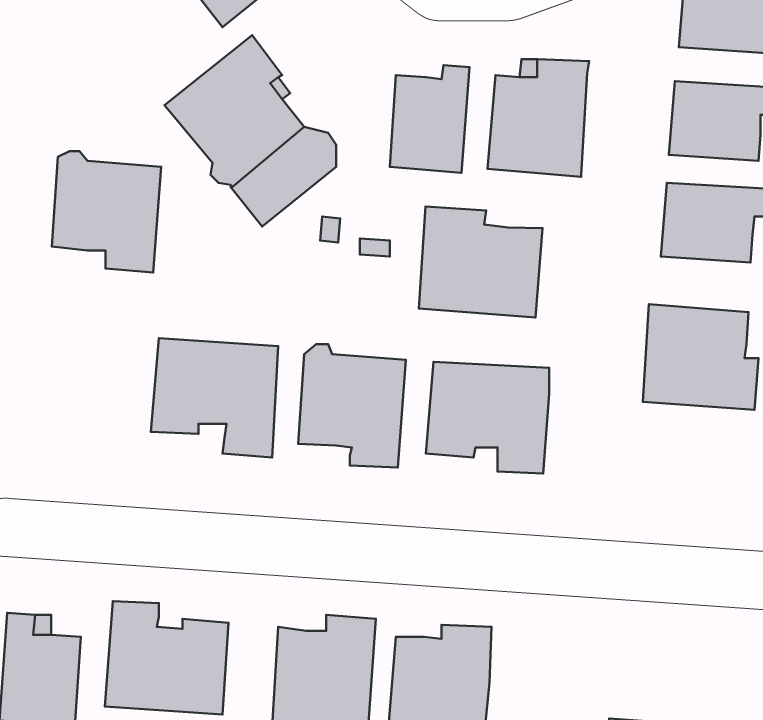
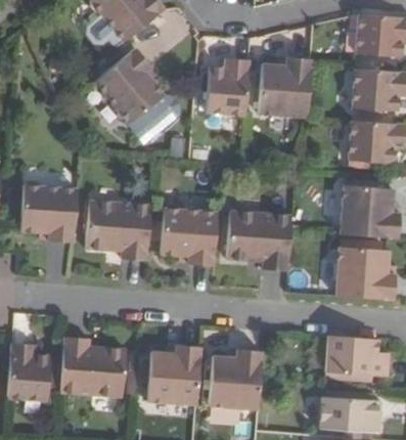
building: [52,151,161,273] -> [22,181,79,244]
building: [419,207,543,317] -> none
building: none -> [332,245,393,301]
building: none -> [326,336,392,375]

